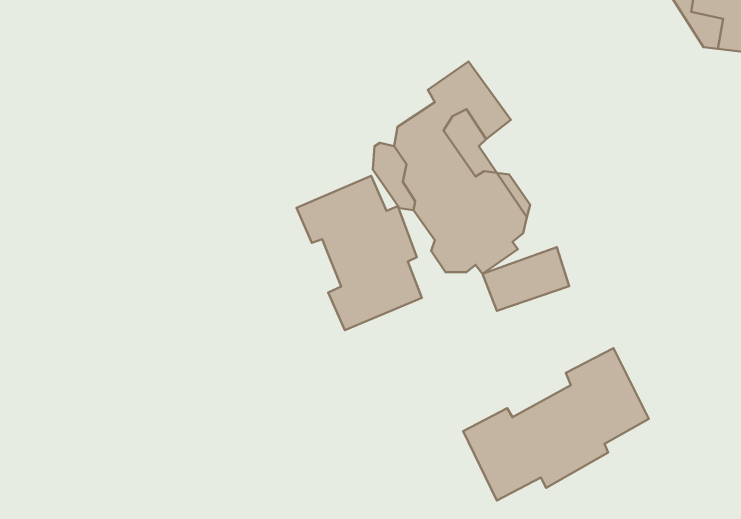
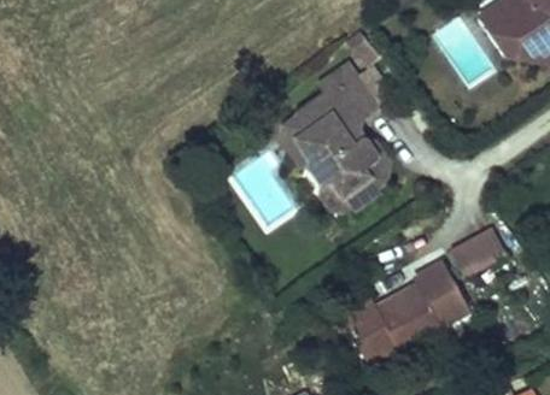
building: [297,176,422,330] -> none
building: [483,247,569,311] -> [445,228,504,271]

